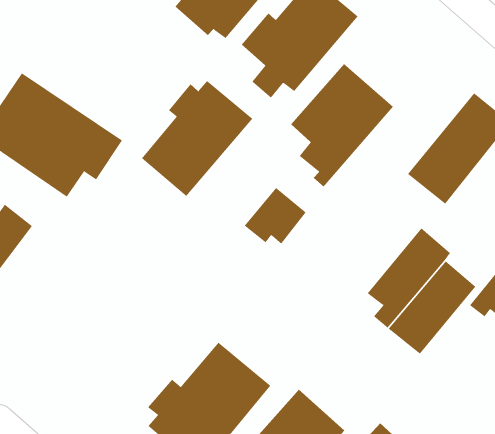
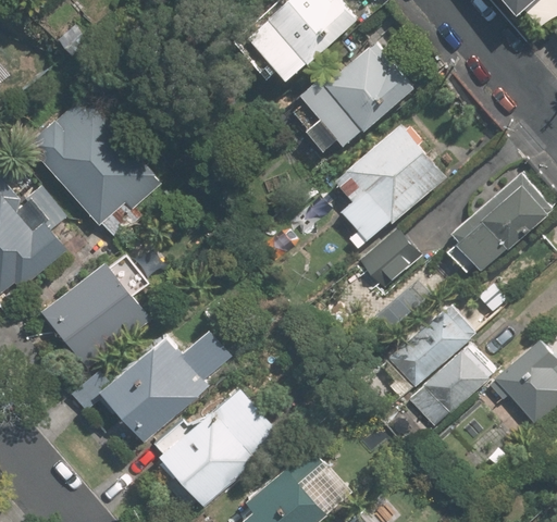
building: [141,80,253,197] -> none
building: [244,187,307,244] -> [360,226,424,284]
building: none -> [37,250,154,373]
building: none -> [96,328,232,444]

